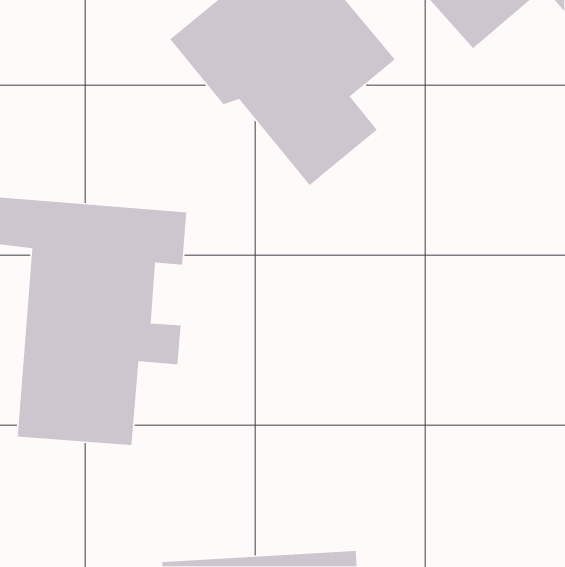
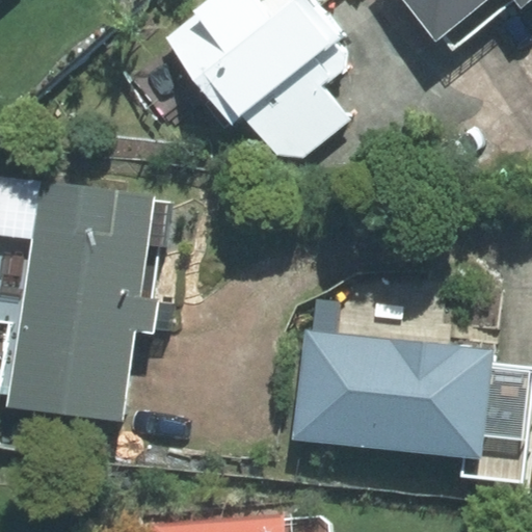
building: none -> [292,329,496,460]

